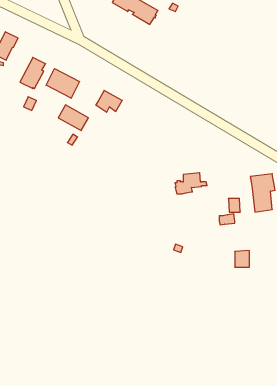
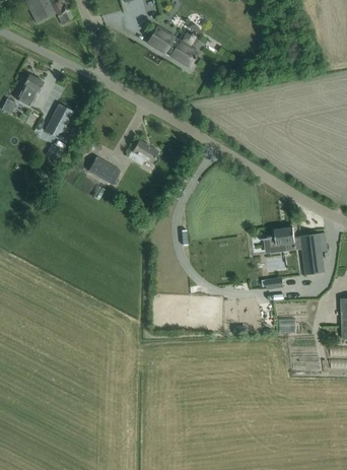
building: [46,69,80,98] -> none
building: [175,173,207,194] -> [265,227,300,251]

